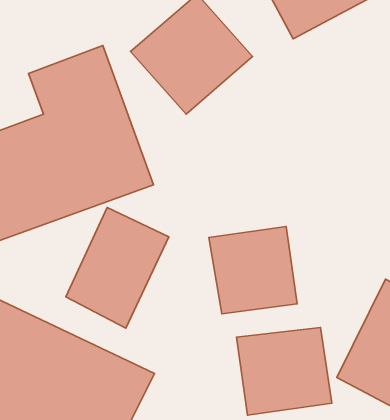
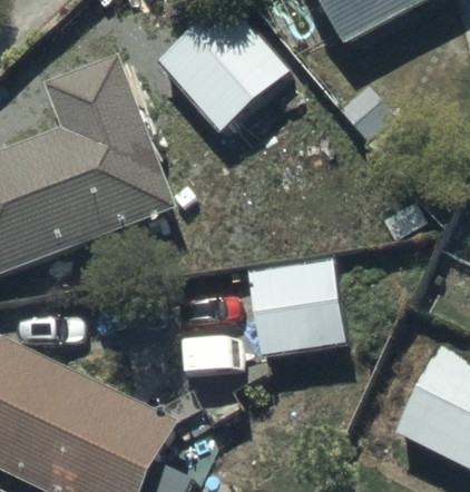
building: [66,208,169,328] -> none
building: [237,327,332,415] -> none

